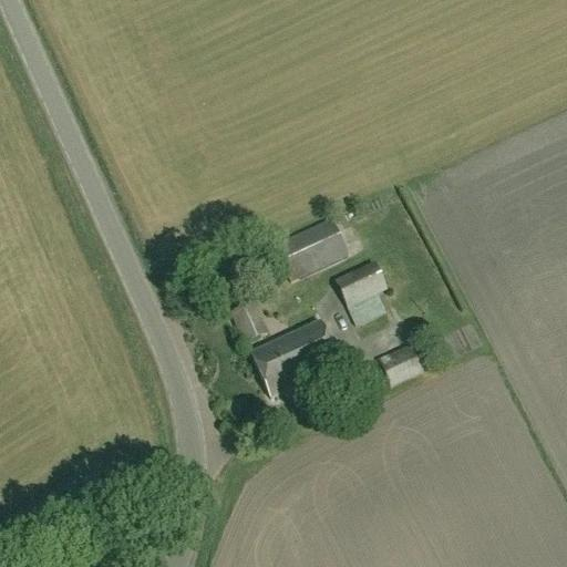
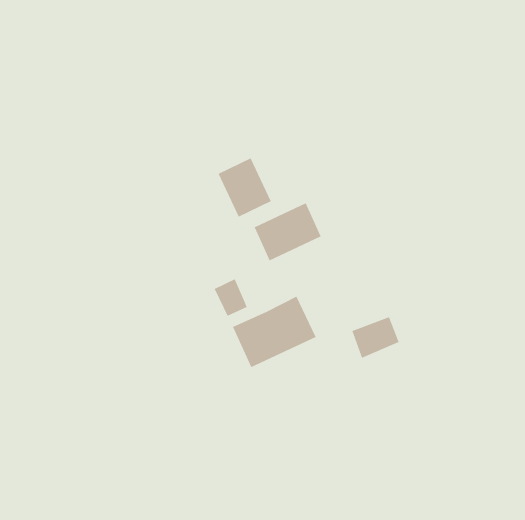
building: none -> [218,158,271,218]
building: [336,260,405,324] -> none

